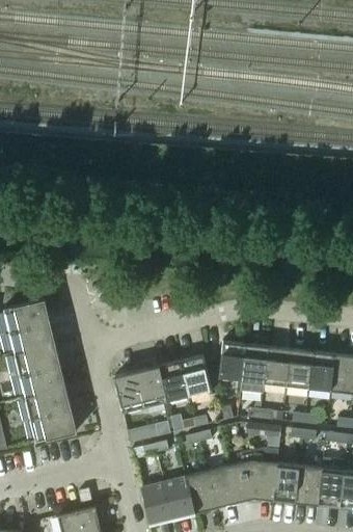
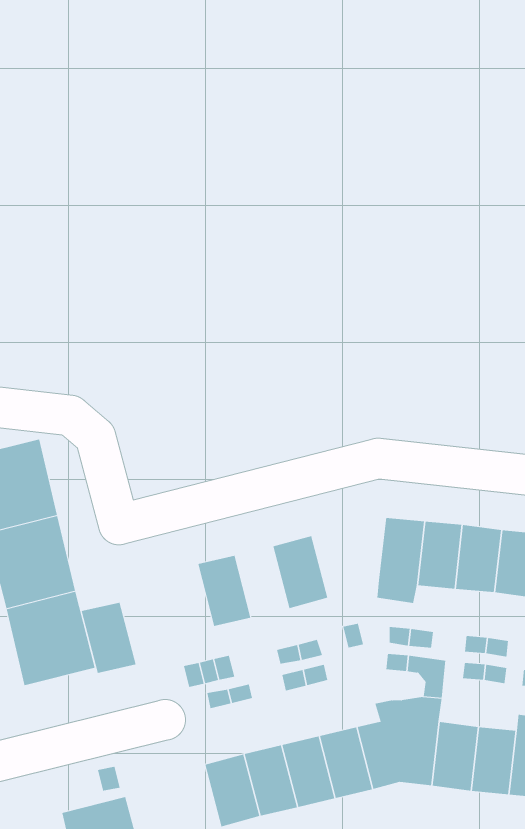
building: [218,341,245,380] -> none
building: [158,361,189,402] -> none
building: [113,371,145,413] -> [81,602,136,674]

